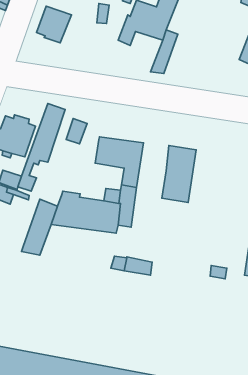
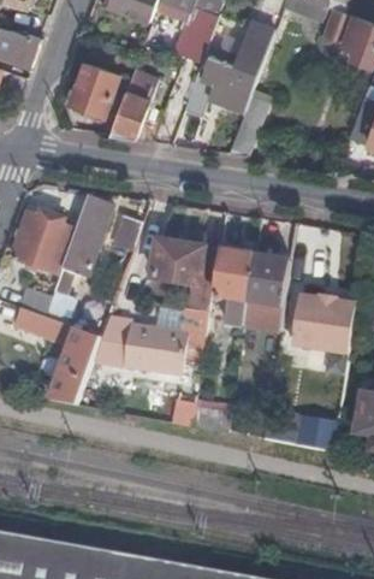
building: none -> [109,81,152,140]
building: none -> [215,244,253,327]
building: none -> [290,295,354,355]

